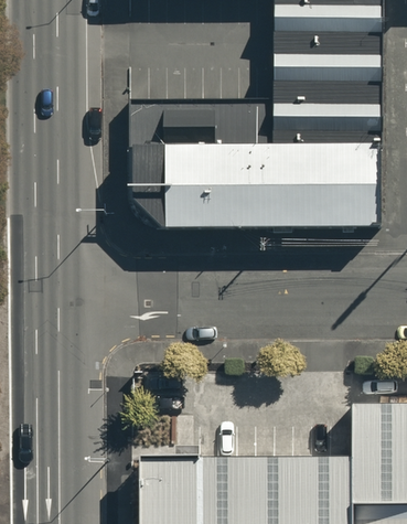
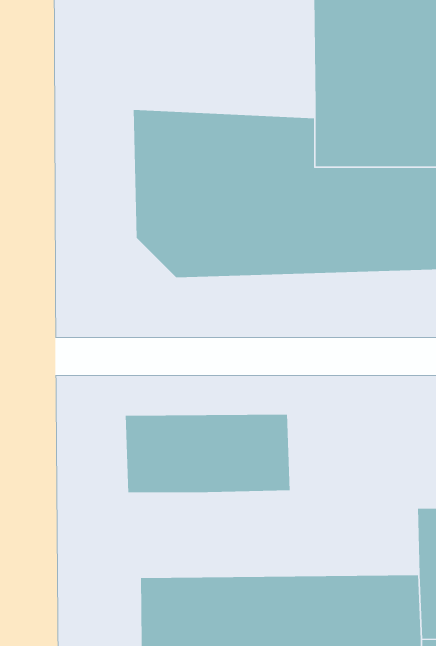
building: none -> [125,414,290,493]

